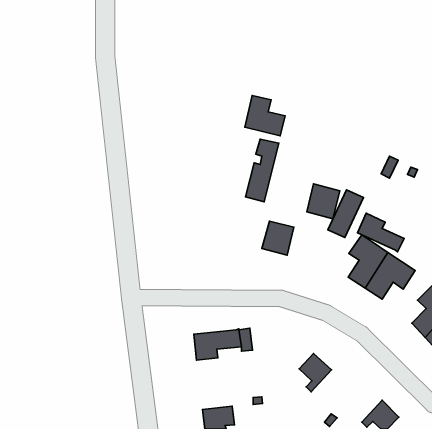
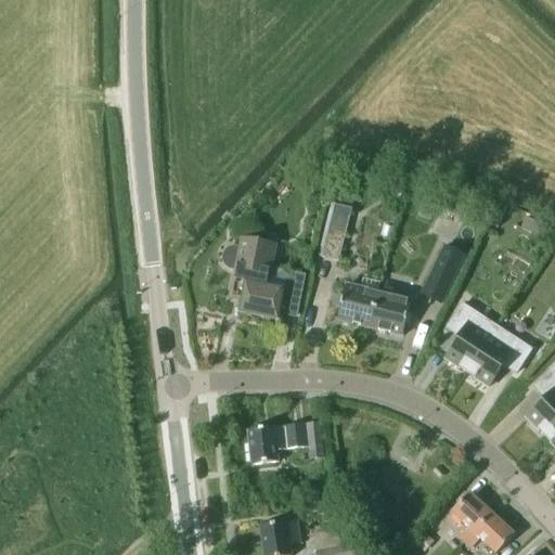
building: [245,96,285,136] -> none
building: [307,184,340,219] -> [369,291,411,335]
building: none -> [224,236,306,319]
building: [357,213,404,252] -> none
building: [299,354,331,392] -> [449,491,490,540]

